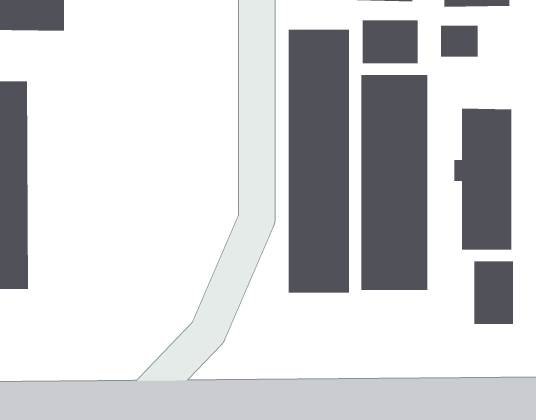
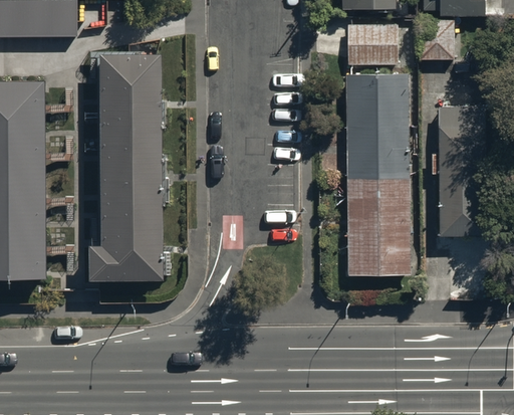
building: [288,29,350,294] -> none
building: none -> [91,55,157,275]
building: [474,260,514,325] -> none

